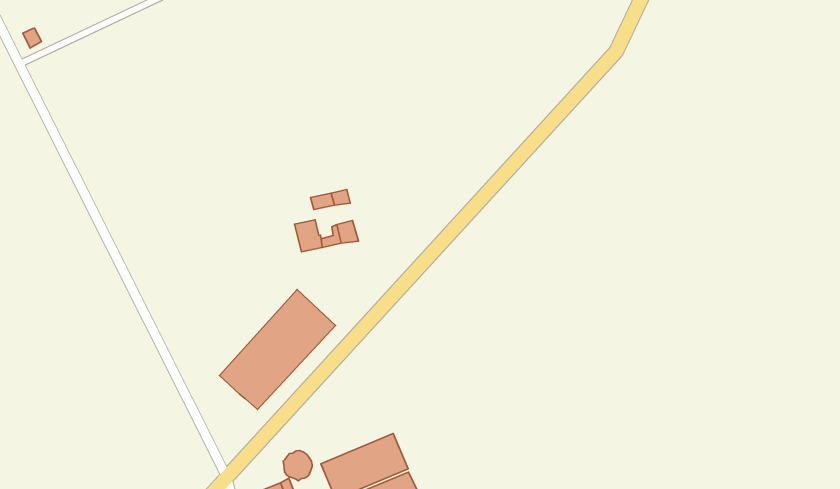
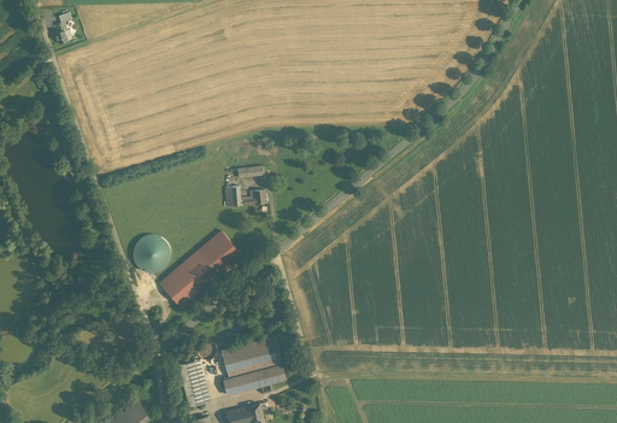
building: none -> [131,234,170,272]

